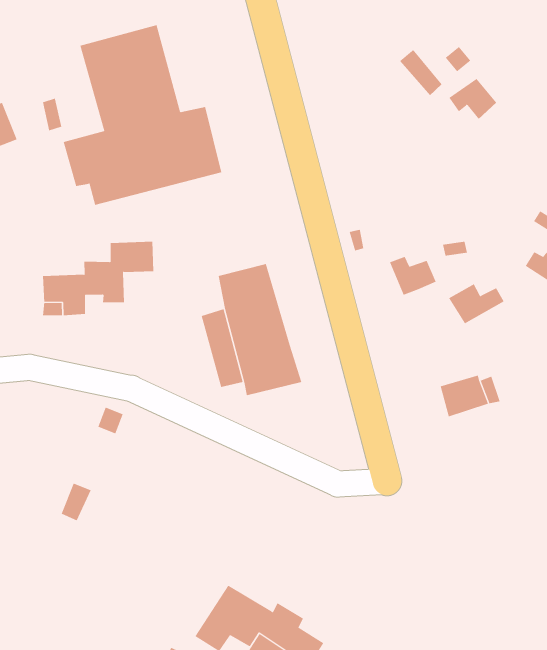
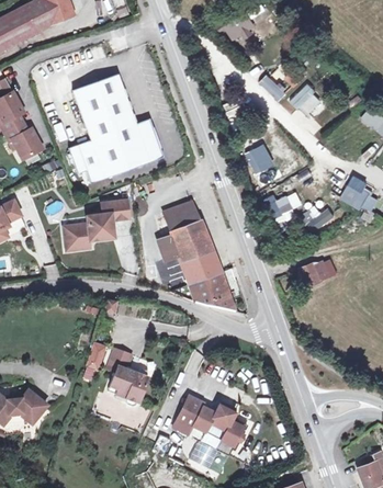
building: none -> [244,144,273,174]
building: none -> [189,273,234,310]
building: none -> [106,348,147,406]

